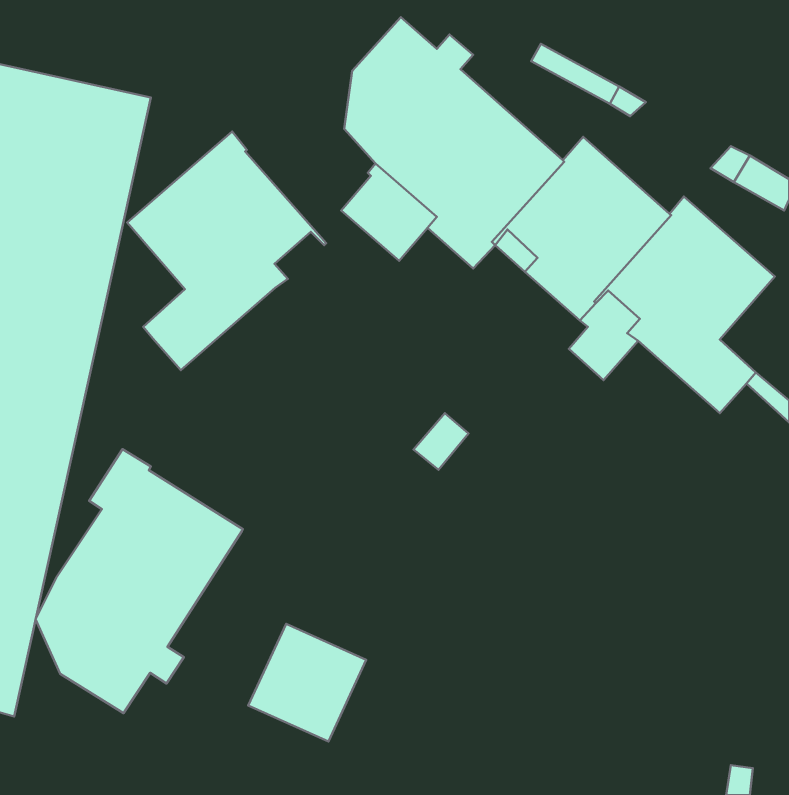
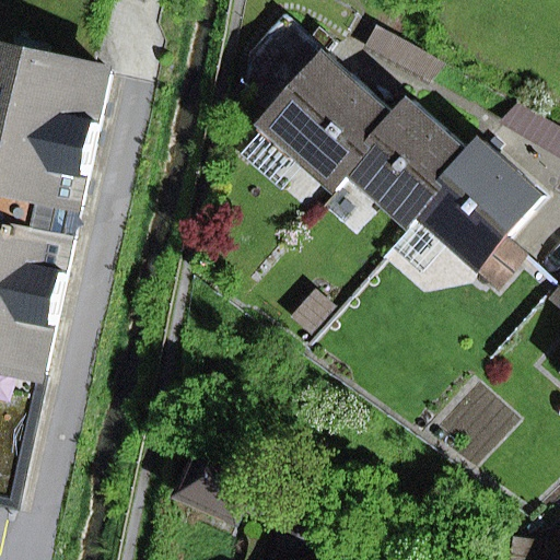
building: [127,131,326,370] -> none
building: [36,449,243,713] -> none

